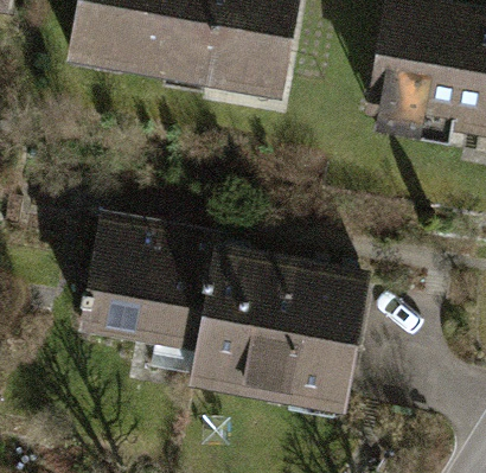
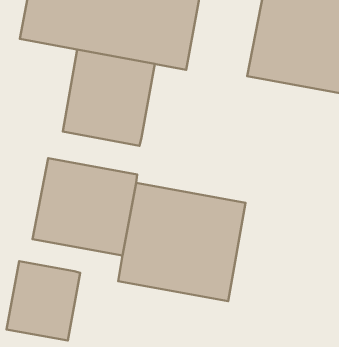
building: none -> [63,50,155,146]
building: none -> [6,261,80,340]

